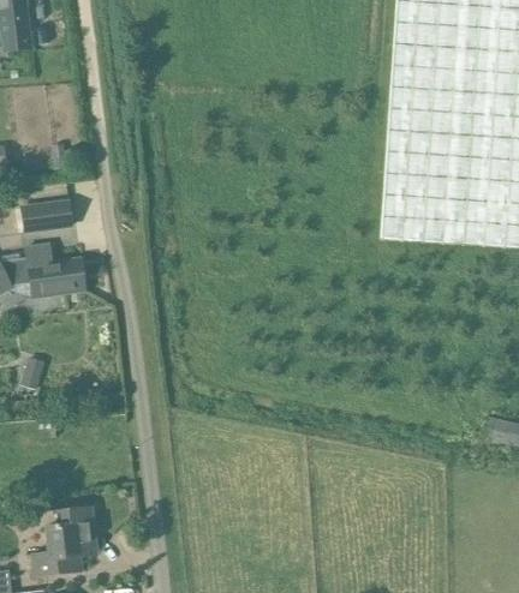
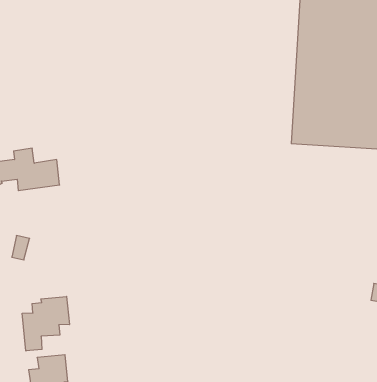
building: [22,200,72,232] -> none
building: none -> [22,296,69,351]

